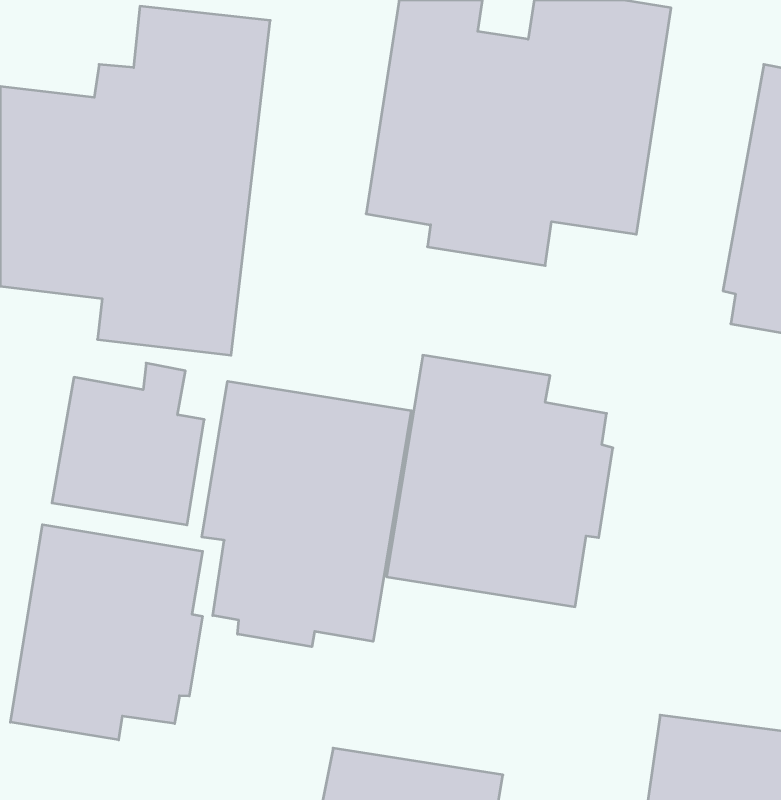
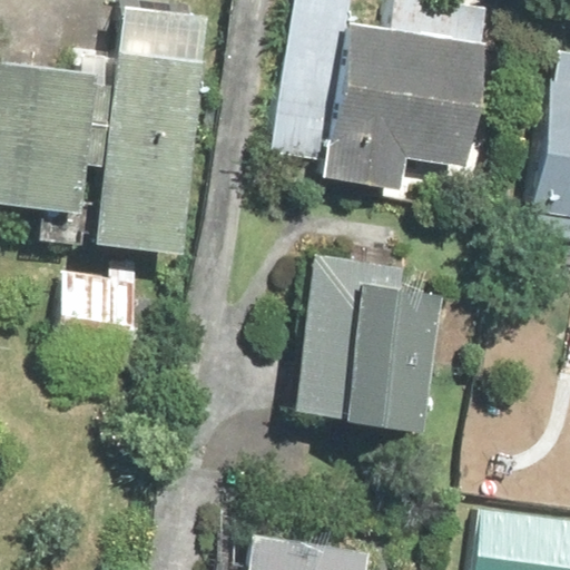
building: [202,381,411,647] -> none
building: [10,525,203,740] -> none

